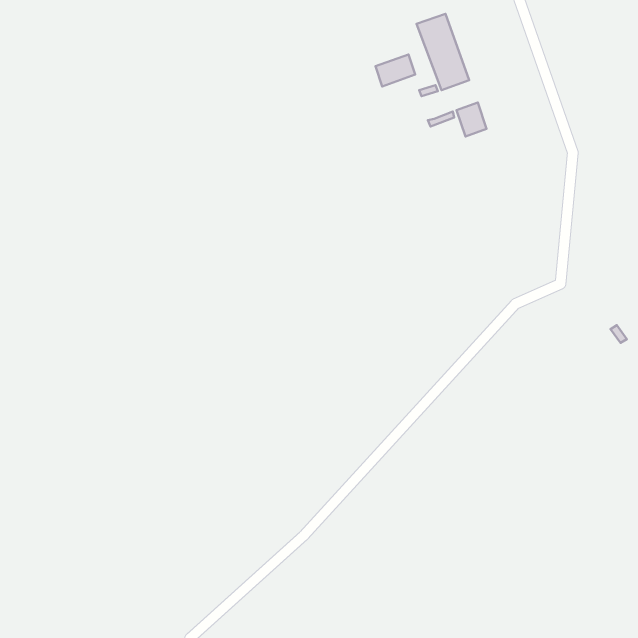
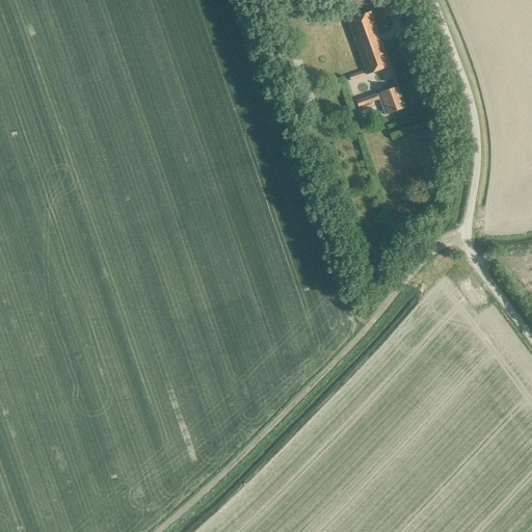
building: [376,54,415,86] -> none

